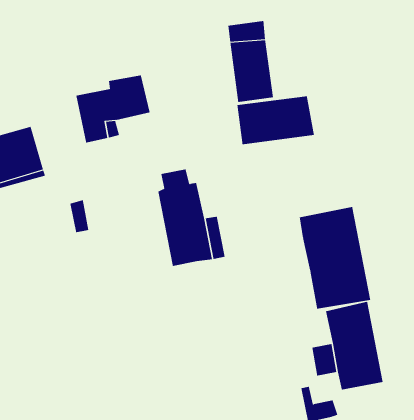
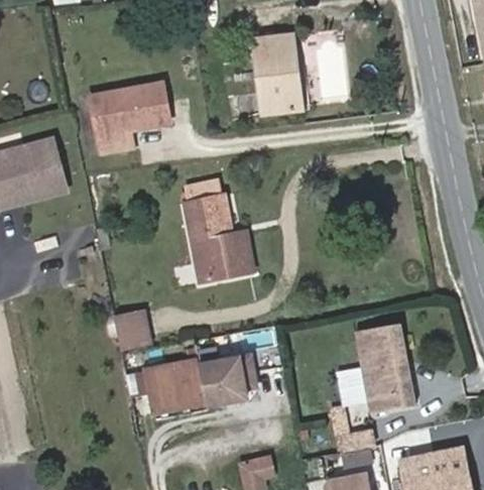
building: [237,95,315,145] -> none
building: [299,206,371,309] -> none
building: none -> [113,304,152,344]
building: none -> [145,355,255,412]

